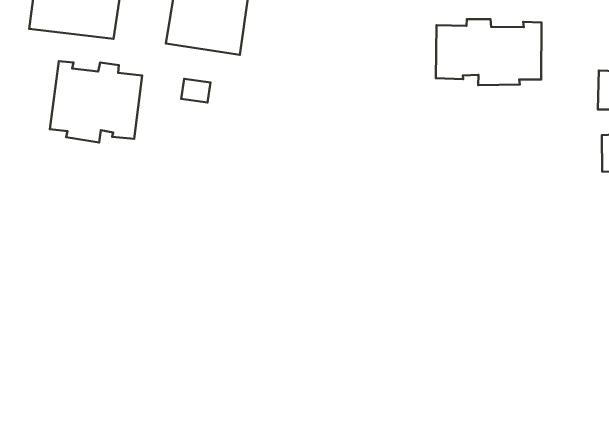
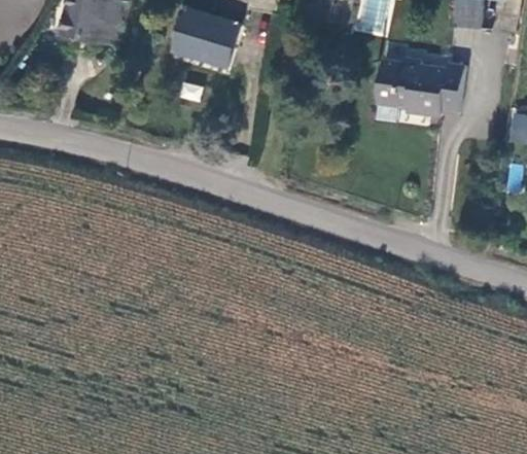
building: [50,61,142,143] -> none

